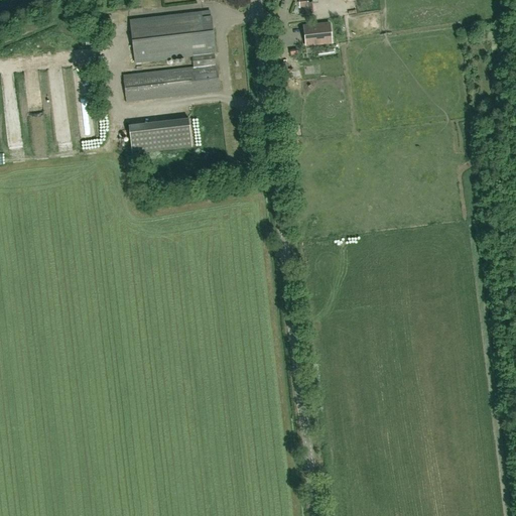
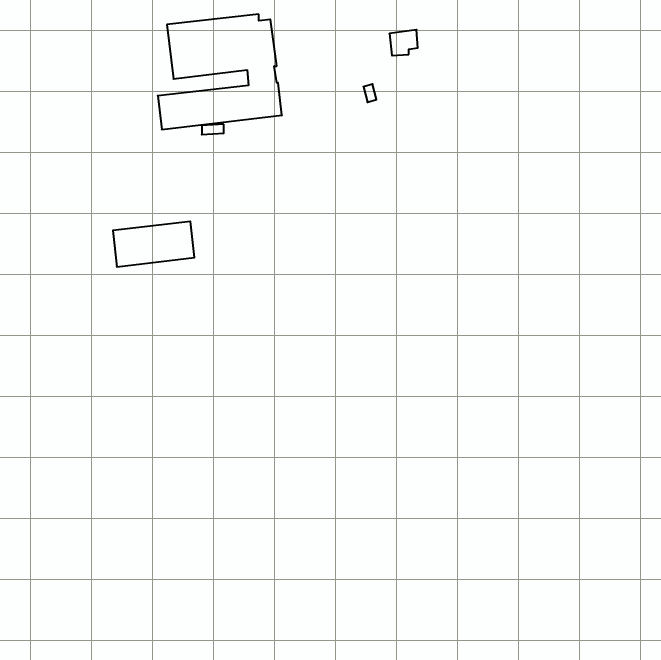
building: [129,118,192,153] -> [113,221,194,267]

